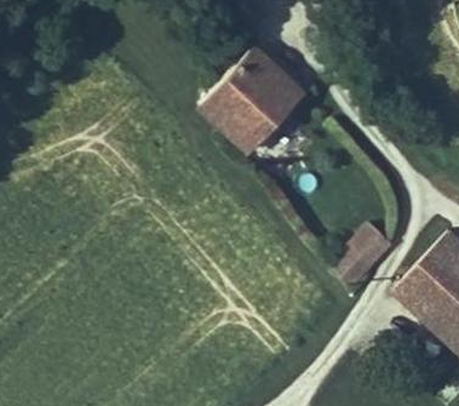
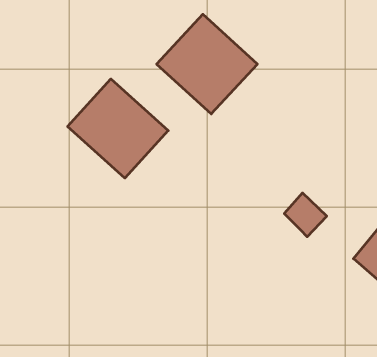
building: none -> [68,79,168,178]

